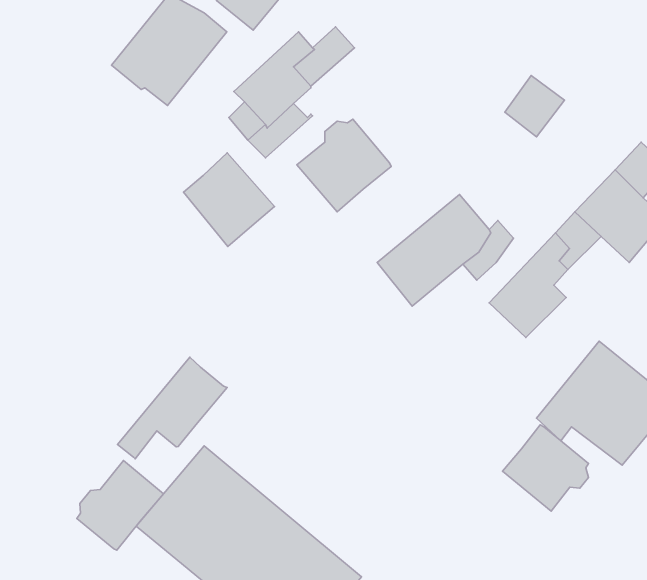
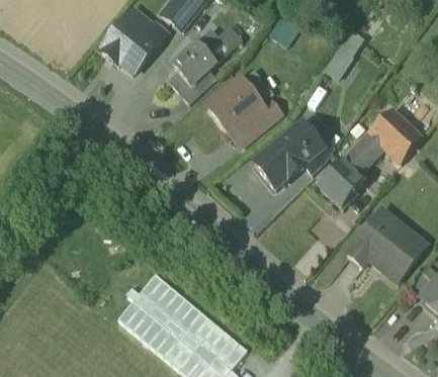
building: none -> [246,100,280,133]
building: [184,153,275,247] -> none
building: [118,357,227,459] -> none
building: [503,425,589,511] -> none
building: [77,460,163,550] -> none

